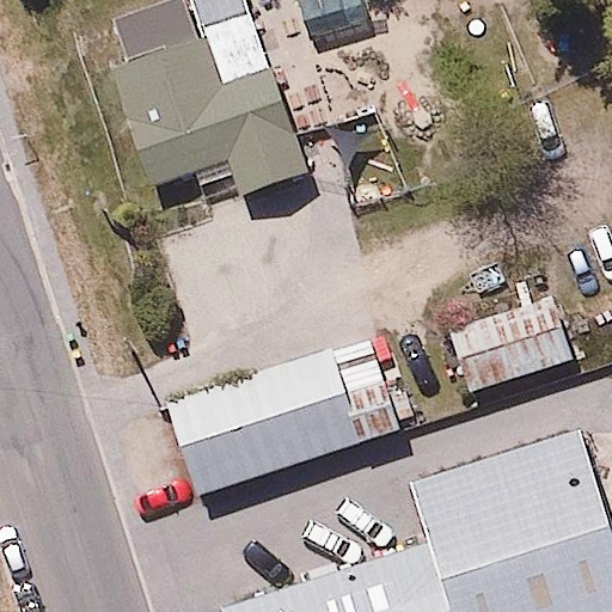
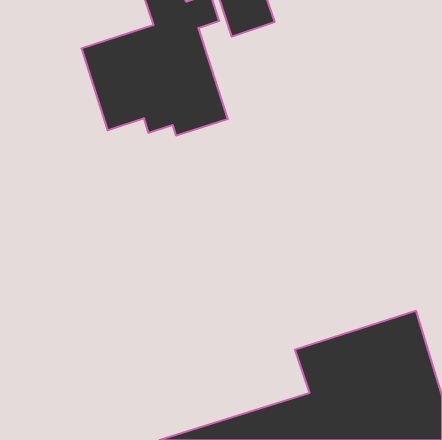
building: [451,298,582,396] -> none
building: [167,338,402,500] -> none

